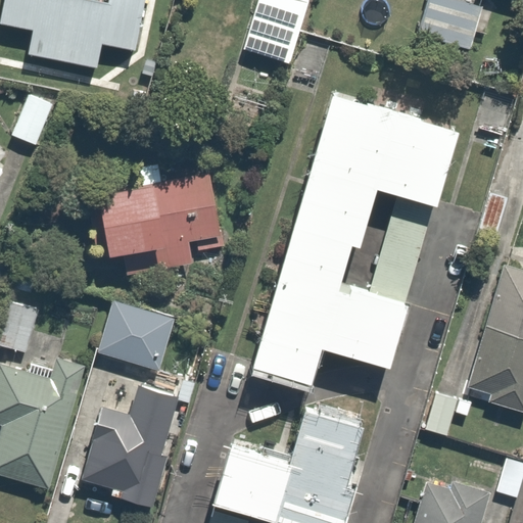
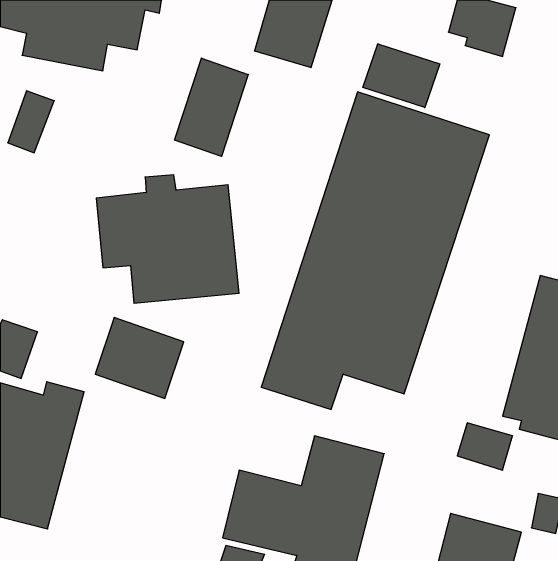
building: none -> [363,44,440,108]
building: none -> [175,58,248,156]
building: [81,385,177,505] -> none

